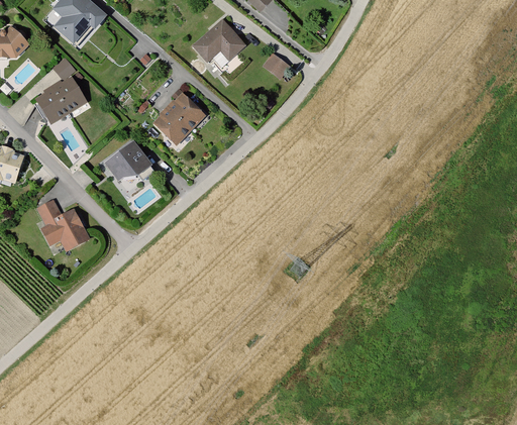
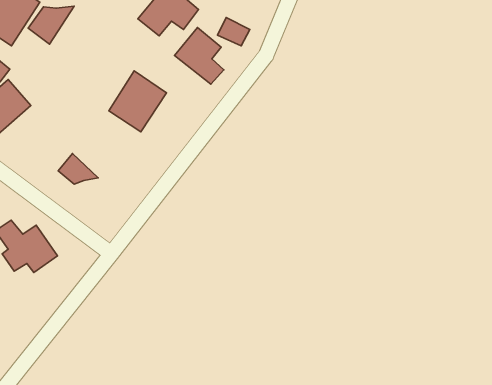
building: none -> [28,6,74,44]
building: none -> [174,27,224,84]
building: [115,142,148,178] -> none

